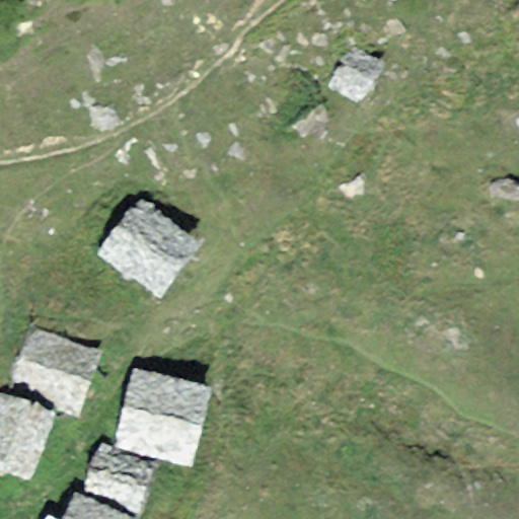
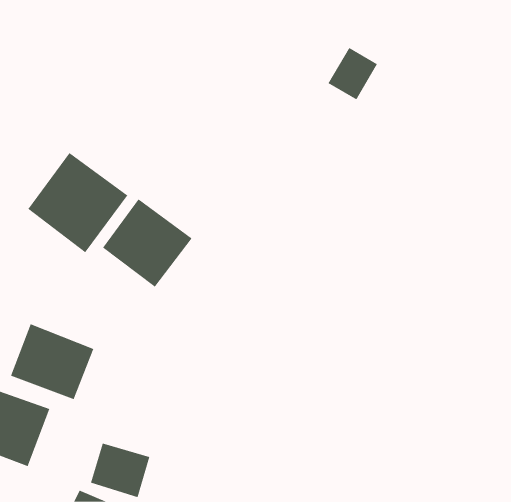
building: none -> [27,152,128,253]
building: [117,371,207,456] -> none

